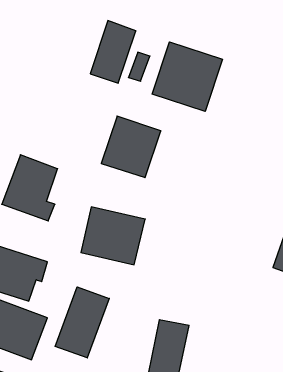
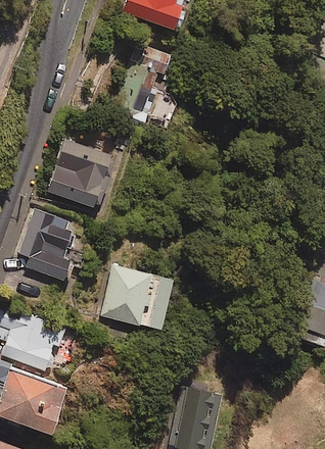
building: [152,42,222,111] -> none
building: [101,116,161,178] -> [47,140,112,207]
building: [55,287,109,358] -> none

